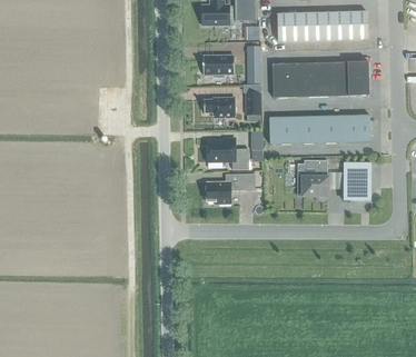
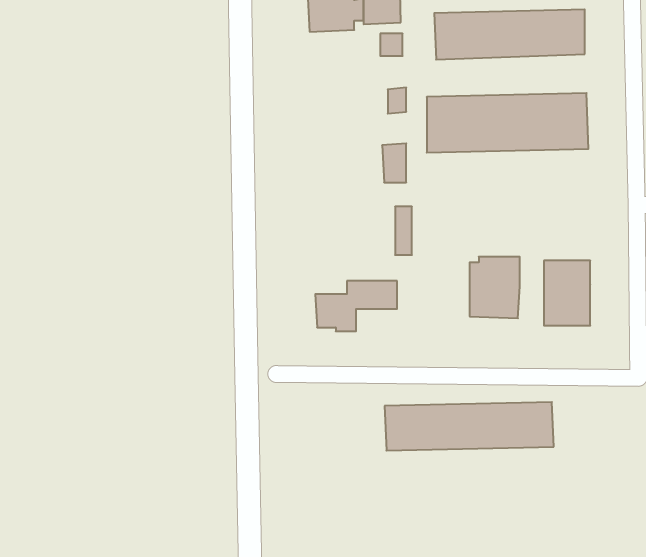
building: [202,54,234,76] -> none
building: [204,97,235,117] -> none
building: [269,115,370,143] -> [385,402,554,451]
building: [207,138,248,169] -> none

